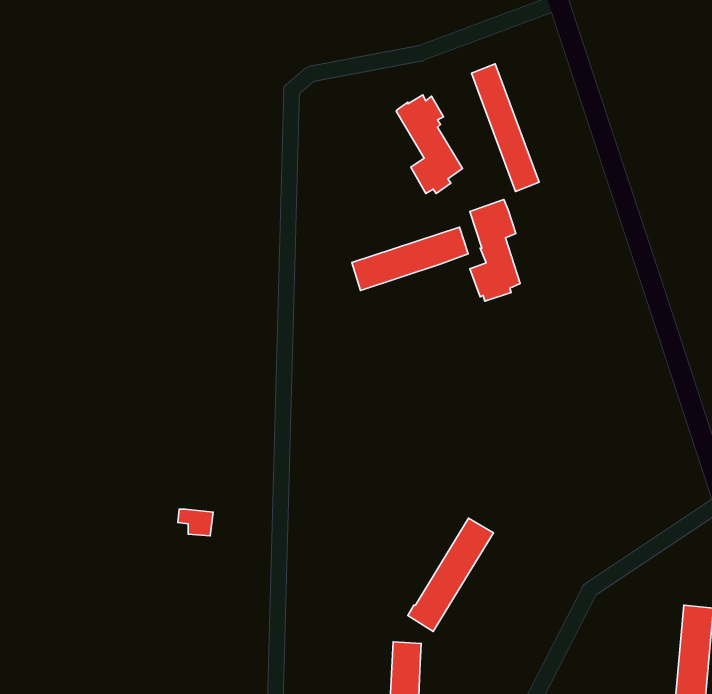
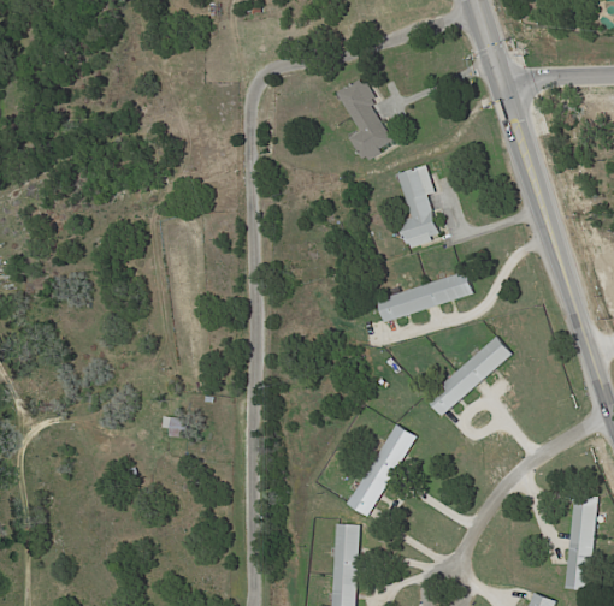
building: [471,64,539,191] -> none
building: [352,227,468,291] -> [377,272,472,323]
building: none -> [426,337,512,416]

